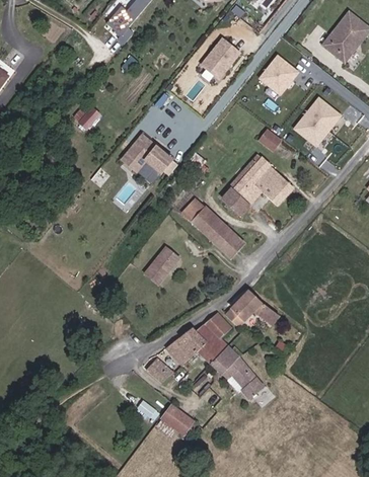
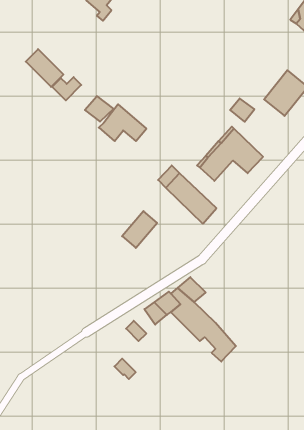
building: [201,38,239,79] -> none
building: [257,55,298,95] -> none
building: none -> [26,49,63,87]
building: none -> [85,96,113,122]
building: [224,289,279,326] -> none
building: [157,404,193,436] -> none

